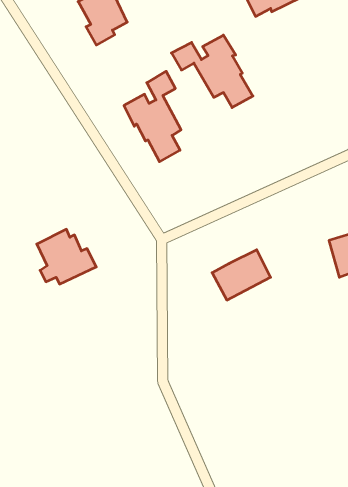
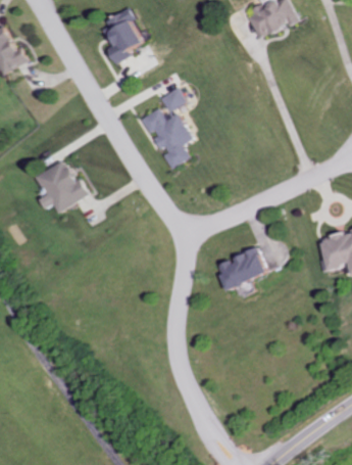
building: [171,35,253,108] -> none
building: [37,229,96,284] -> [36,161,89,211]

